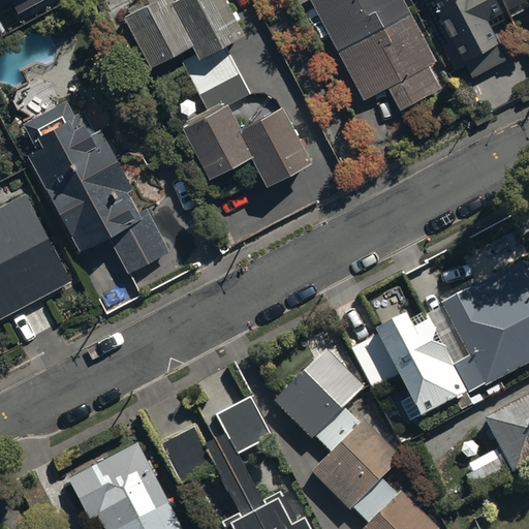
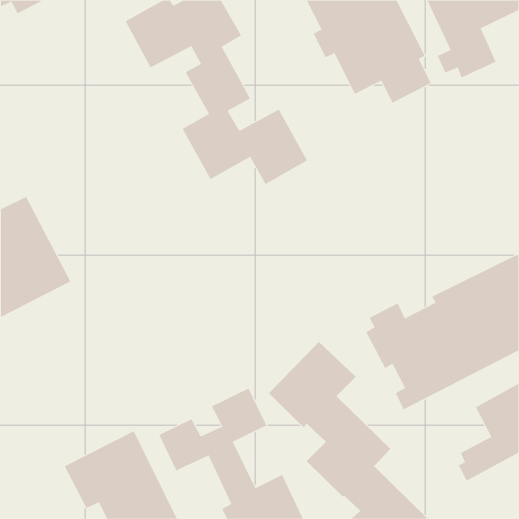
building: [28,108,173,280] -> none

